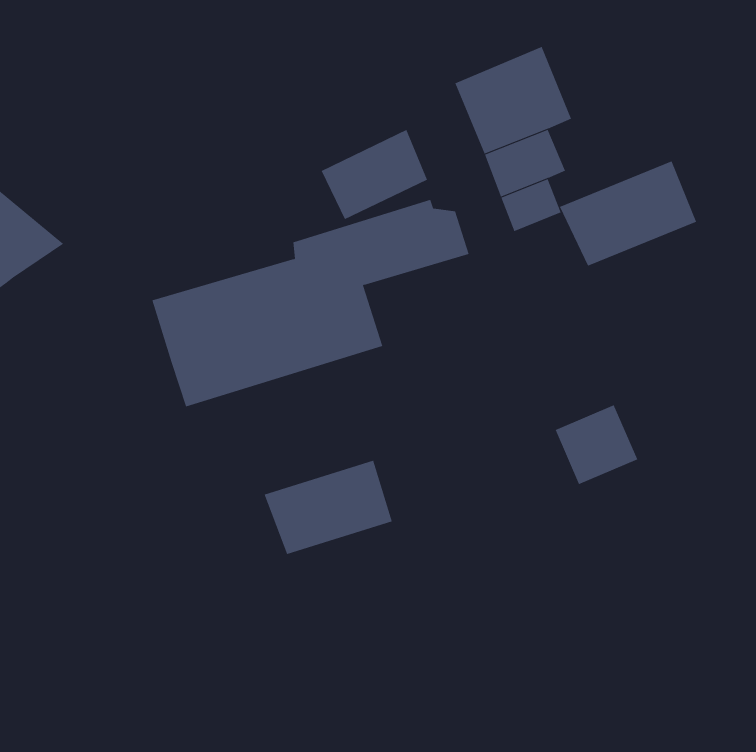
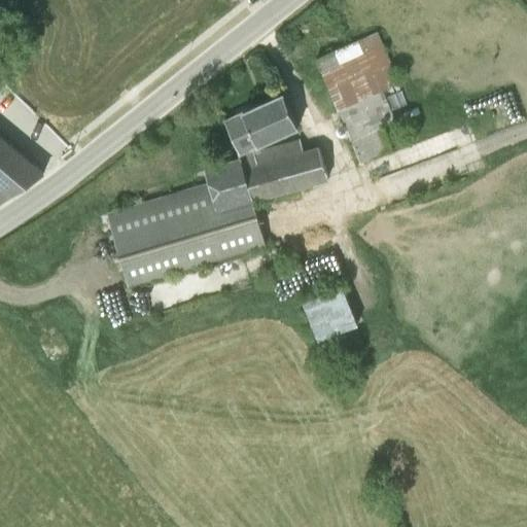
building: [559,161,697,266] -> none
building: [555,404,638,485] -> [305,284,362,340]
building: [264,460,393,555] -> none

